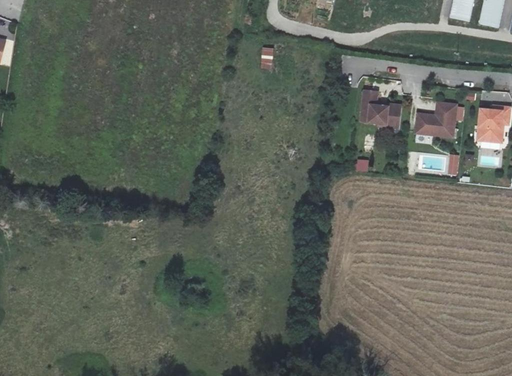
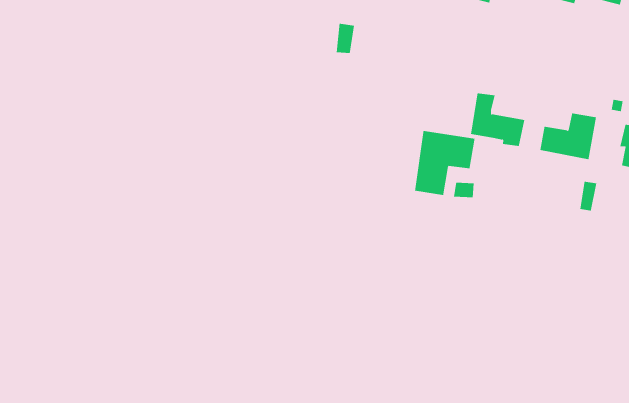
building: none -> [414,130,475,196]

